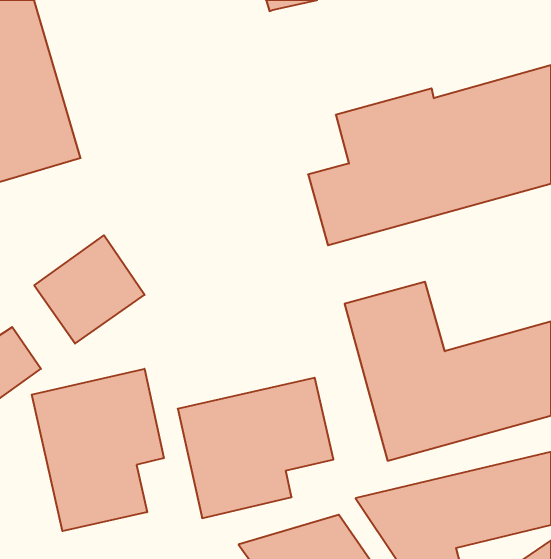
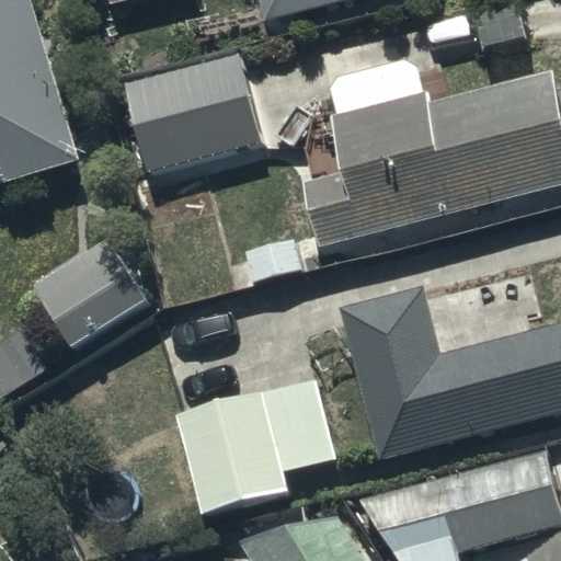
building: none -> [123,51,261,178]
building: [32,369,164,531] -> none

